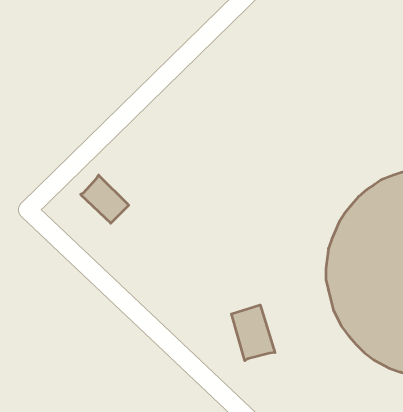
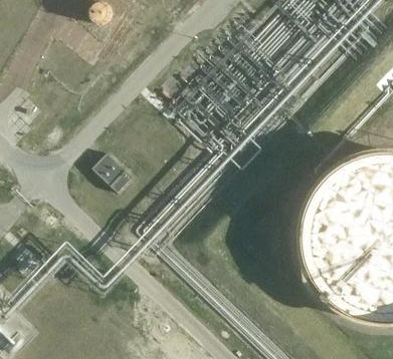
building: [231,305,275,361] -> none

